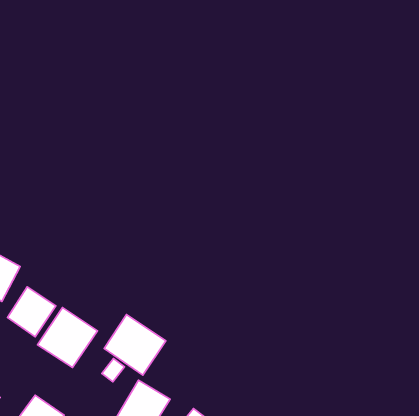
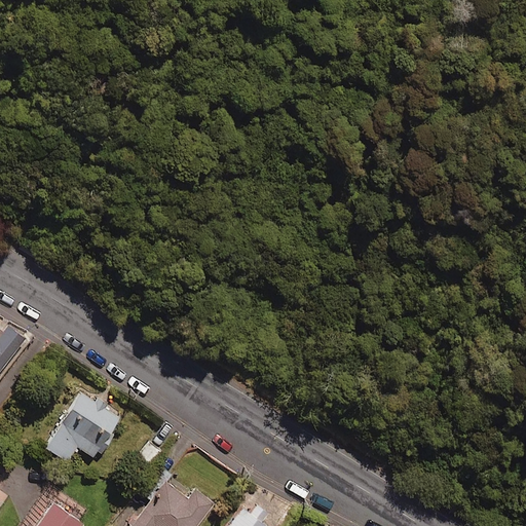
building: [7,287,56,337] -> none
building: [104,314,166,375] -> none

